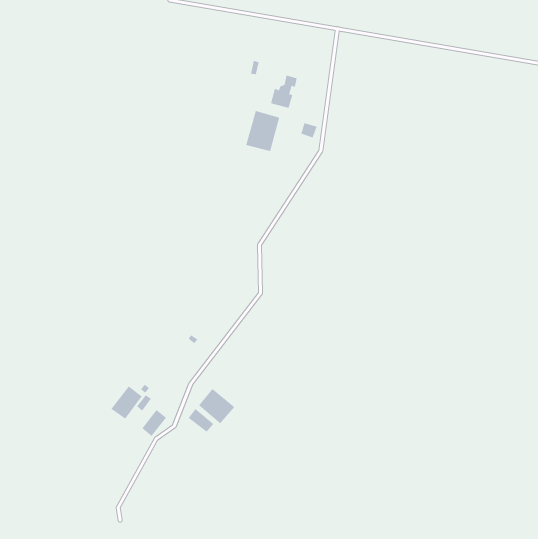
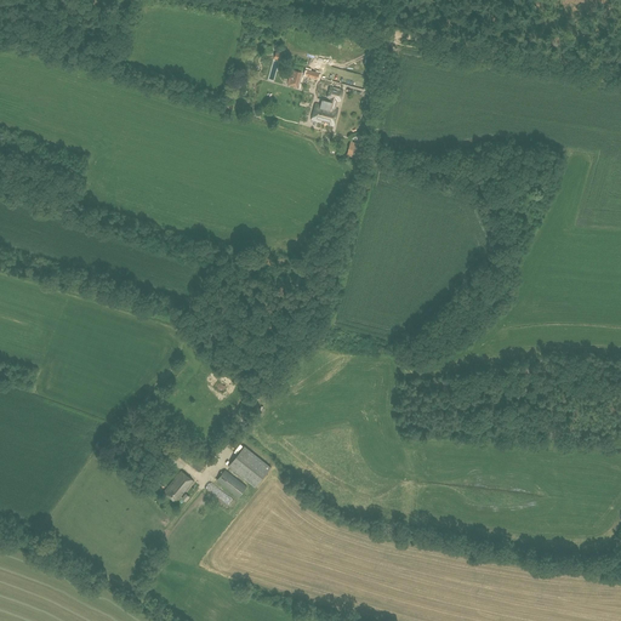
building: [246,110,280,152] -> none
building: [110,385,142,419] -> none

